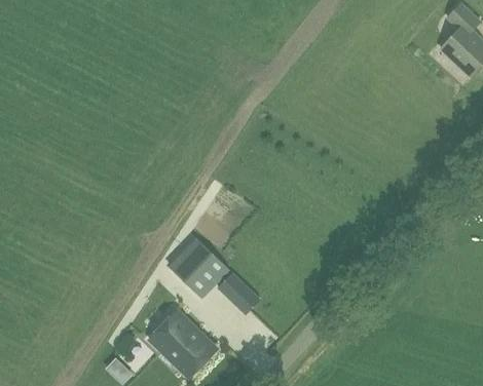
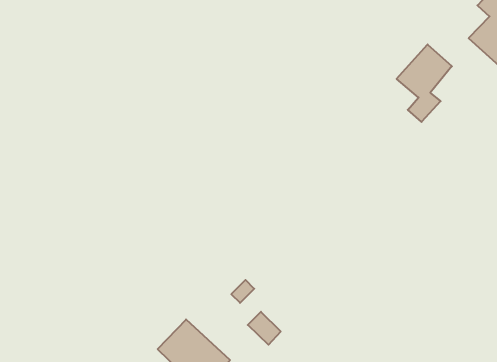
building: none -> [397,44,452,122]
building: [169,237,226,295] -> none

